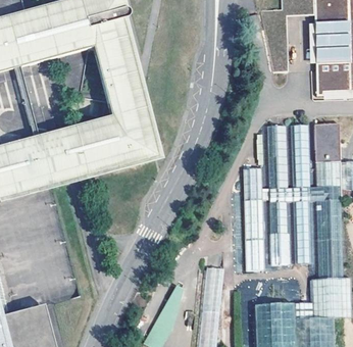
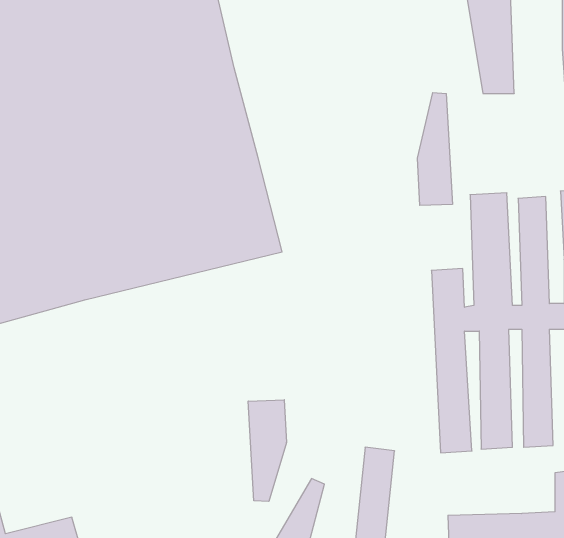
building: none -> [417,93,452,205]
building: none -> [248,400,286,501]

